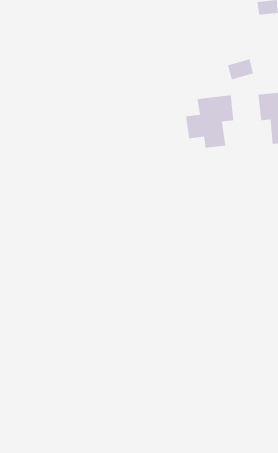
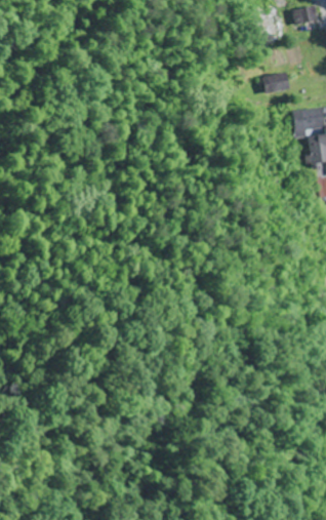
building: none -> [259,15,284,40]
building: [186,95,234,148] -> none

